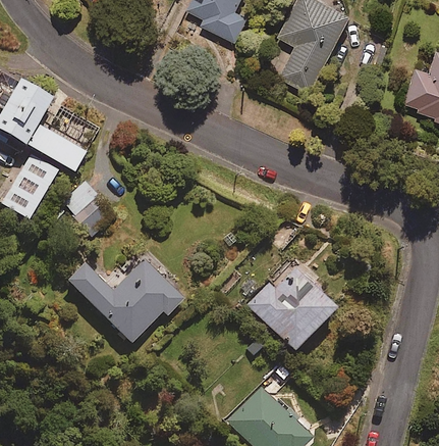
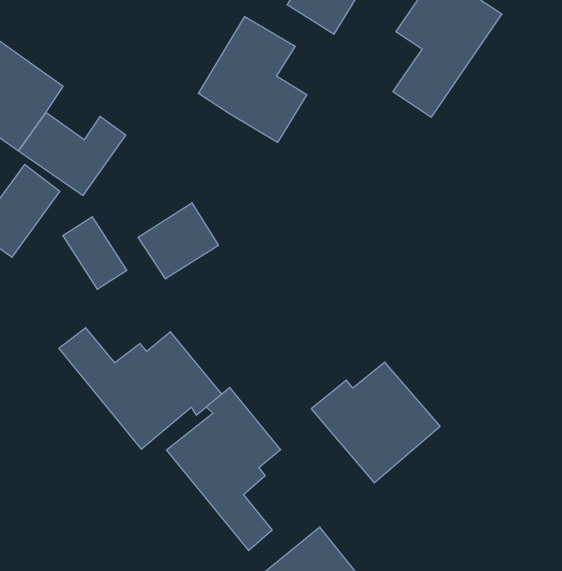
building: none -> [198,17,307,142]
building: none -> [138,203,218,279]
building: none -> [166,388,281,551]

